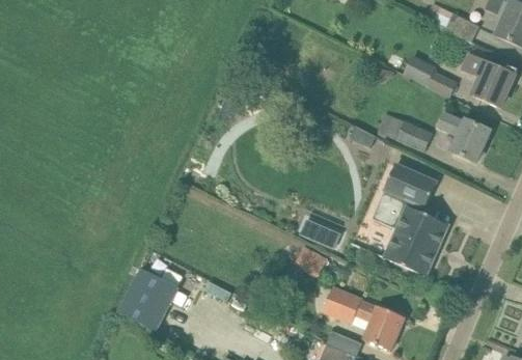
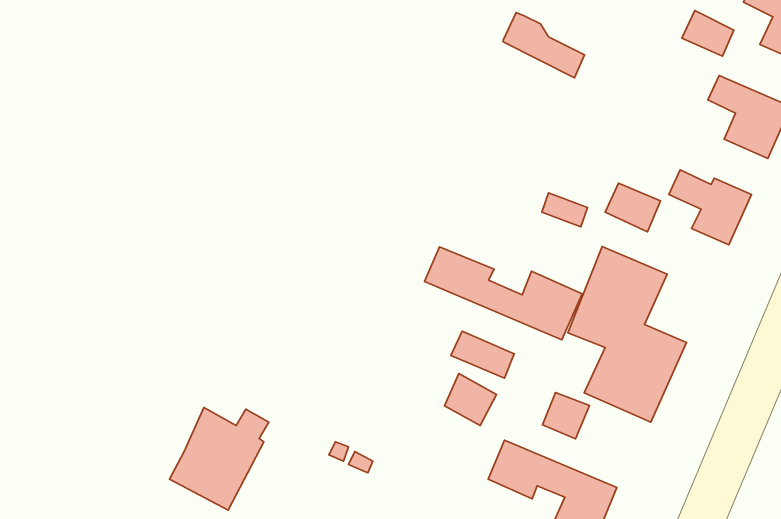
building: [404,55,456,96] -> [503,13,584,78]
building: none -> [425,247,582,340]
building: none -> [542,393,590,439]

